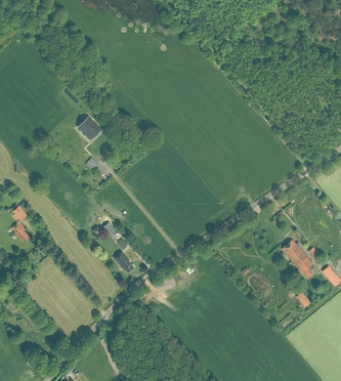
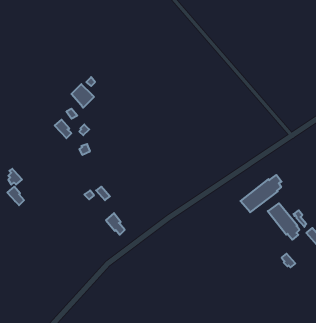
building: none -> [240,175,282,212]

